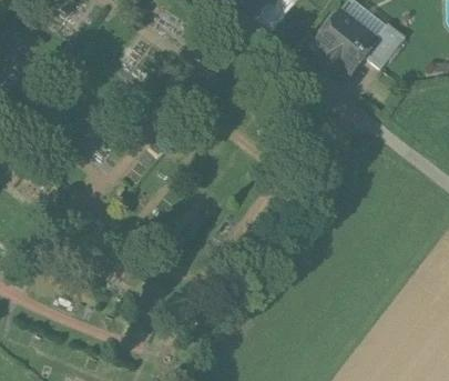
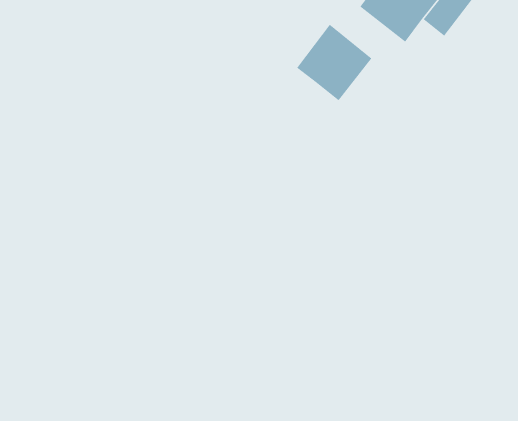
building: none -> [297,24,372,101]

